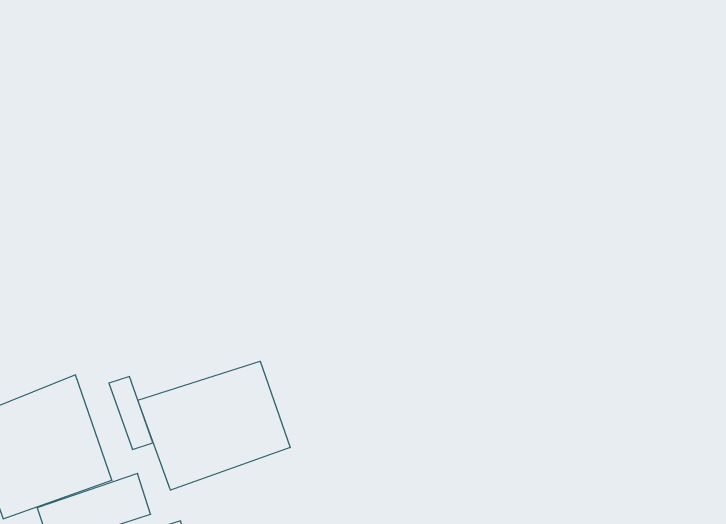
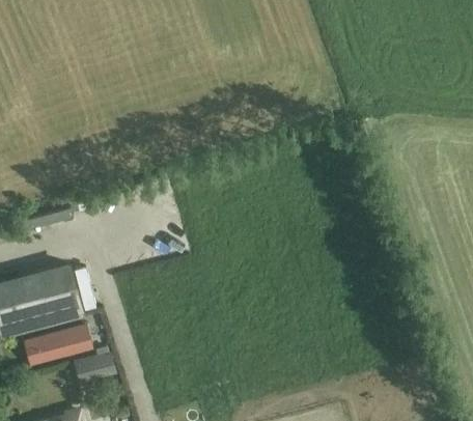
building: [138,361,290,490] -> none

